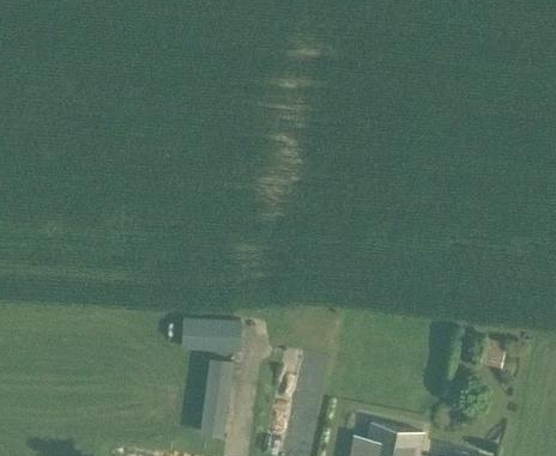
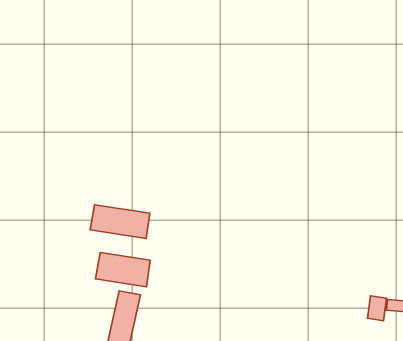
building: none -> [90,205,150,239]

